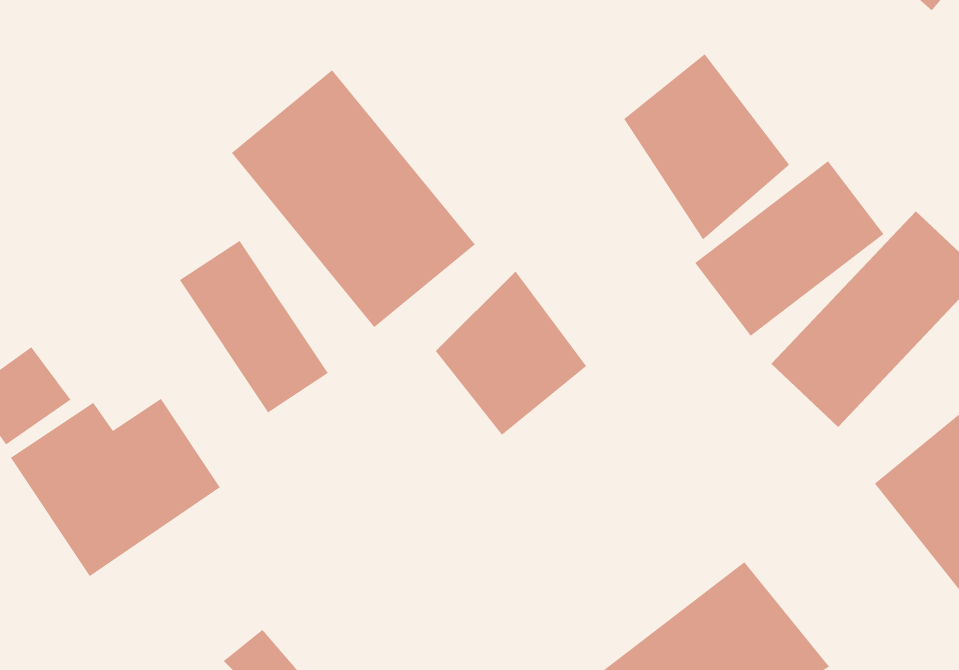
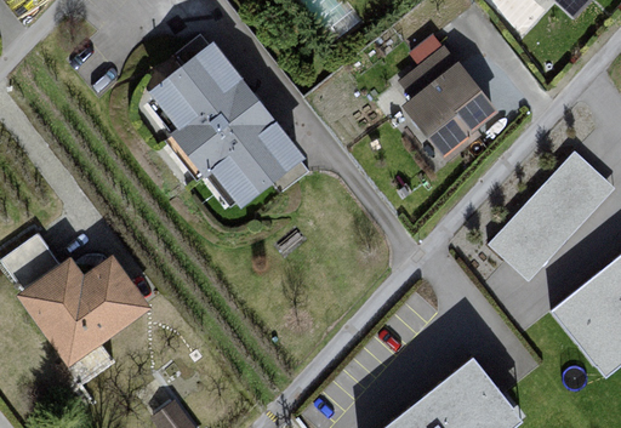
building: [694,160,885,337] -> none
building: [179,240,329,413] -> none
building: [435,271,587,436] -> none

